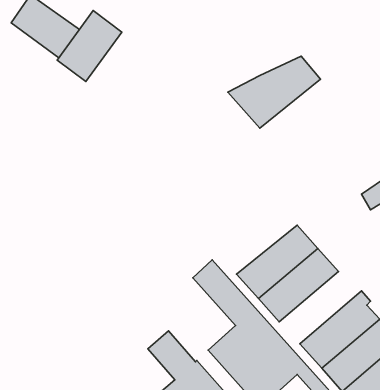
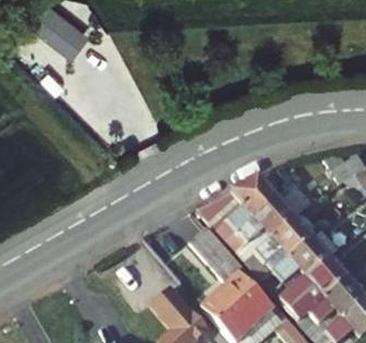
building: [57,10,122,82] -> none
building: [228,56,320,128] -> [198,178,277,240]
building: none -> [262,230,339,299]

